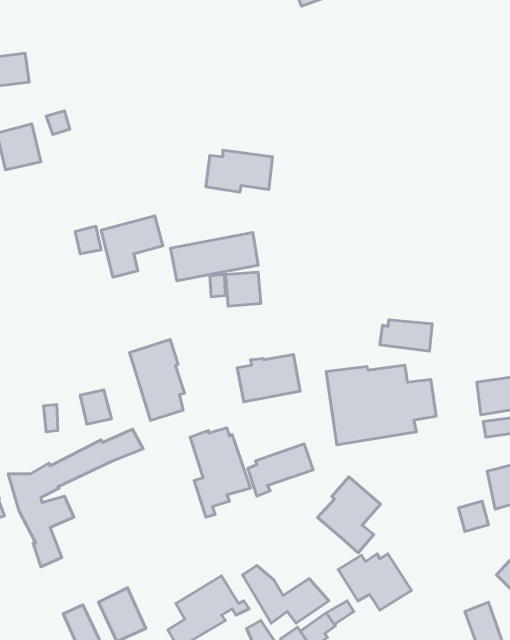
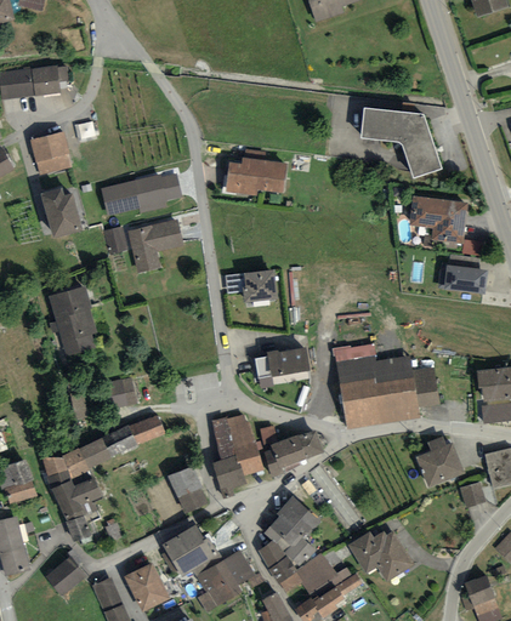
building: none -> [360,107,441,175]
building: none -> [40,186,83,237]
building: none -> [409,195,467,244]
building: [170,232,258,281] -> [102,170,183,215]
building: [380,320,432,351] -> [438,264,487,294]
building: [130,339,185,421] -> [46,284,97,359]
building: none -> [416,435,465,486]
building: [318,477,380,553] -> [262,495,320,565]
building: none -> [168,465,206,513]
building: none -> [163,523,215,575]
building: none -> [45,557,85,594]

